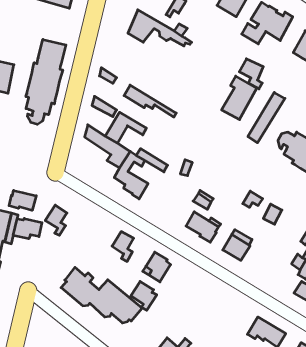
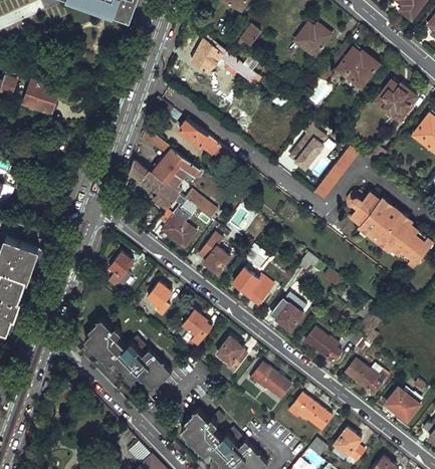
building: [26,39,66,124] -> none
building: [239,59,263,89] -> none
building: [9,190,36,210] -> none
building: none -> [202,243,228,273]
building: [45,205,67,235] -> [108,251,134,285]
building: [13,218,42,239] -> none
building: none -> [303,328,340,363]
building: [131,281,157,310] -> [217,337,246,371]
building: none -> [254,364,289,399]

